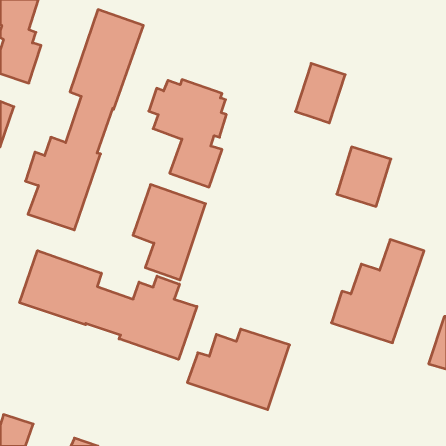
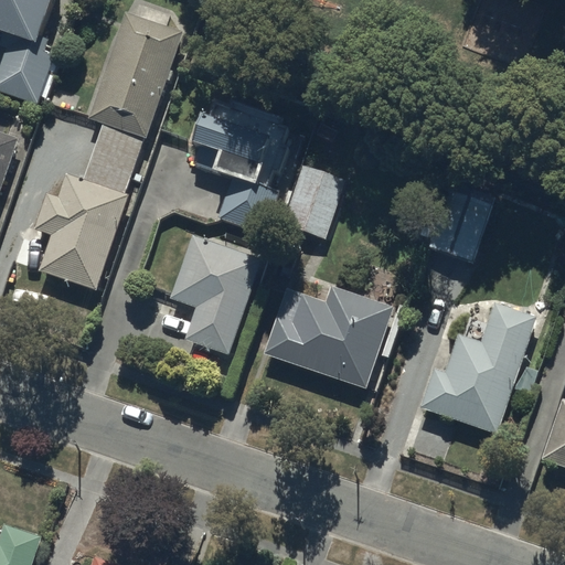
building: [295,63,345,123] -> [282,163,345,238]
building: [20,251,197,359] -> none
building: [187,329,290,410] -> [263,286,392,387]

